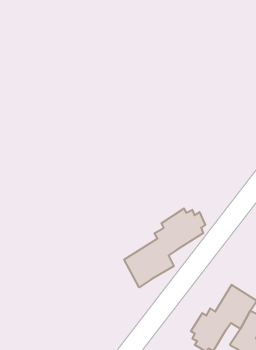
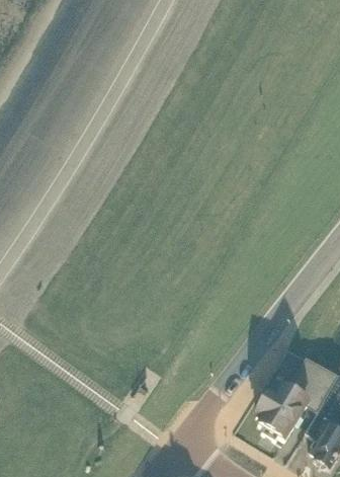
building: [124,208,205,287] -> none

